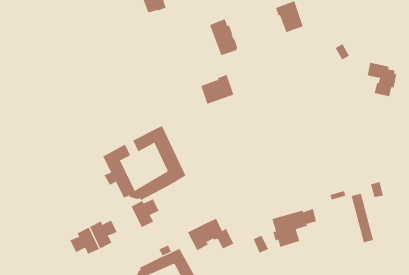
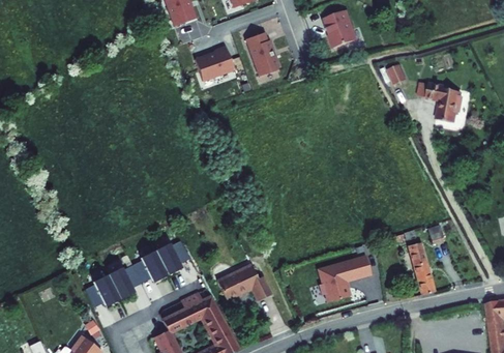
building: [200,74,234,105] -> [194,46,233,81]
building: [103,125,186,201] -> none
building: none -> [130,251,166,283]

